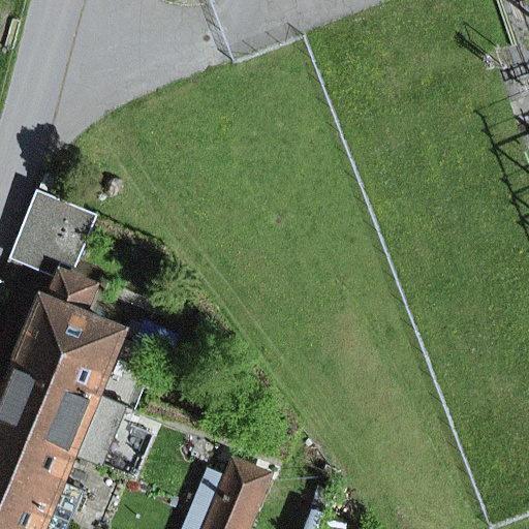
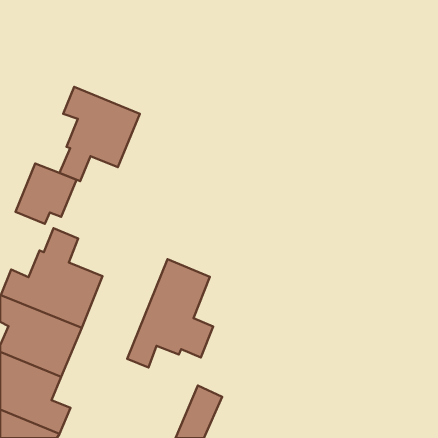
building: none -> [60,87,140,181]
building: none -> [127,259,213,368]

